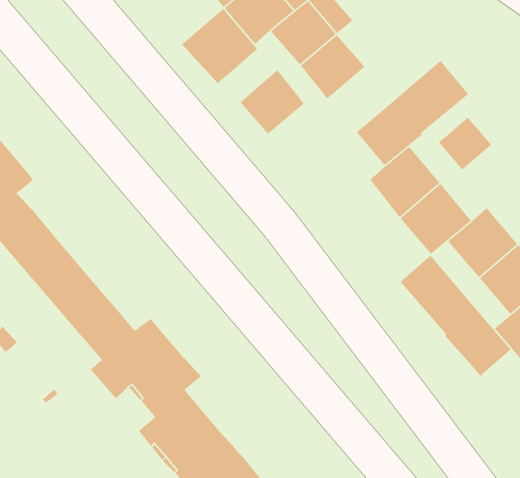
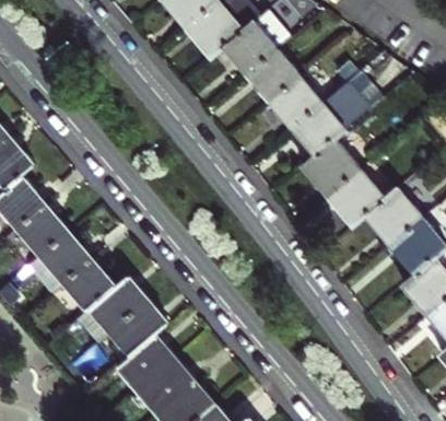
building: [181,8,258,84] -> none
building: [239,69,305,135] -> [269,75,321,128]
building: [438,117,492,171] -> none
building: [400,255,512,377] -> none

